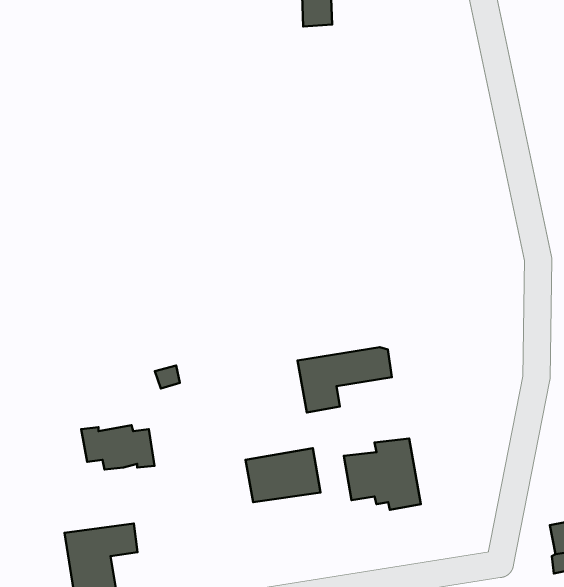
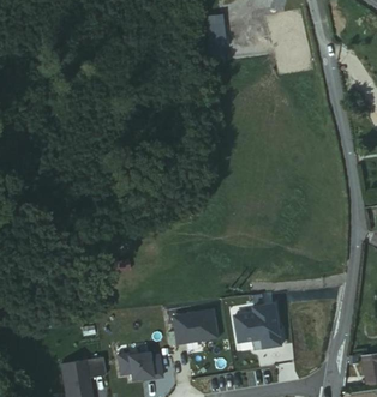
building: [298,347,392,413] -> none
building: [81,425,154,470] -> [115,351,161,379]

